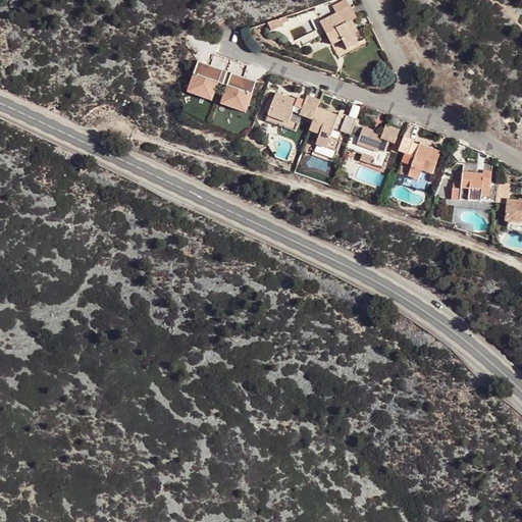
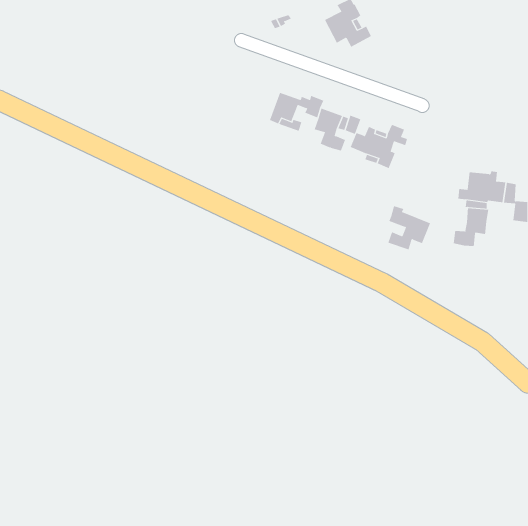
building: [186,62,257,114] -> none
building: [397,134,439,177] -> [387,206,431,250]
building: none -> [453,207,489,247]

